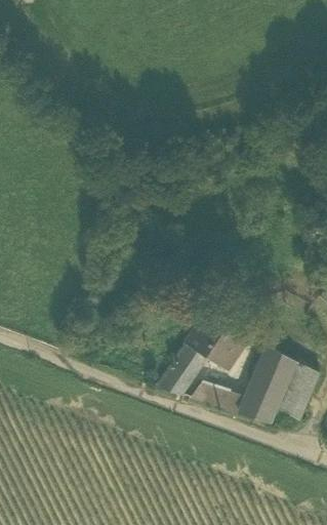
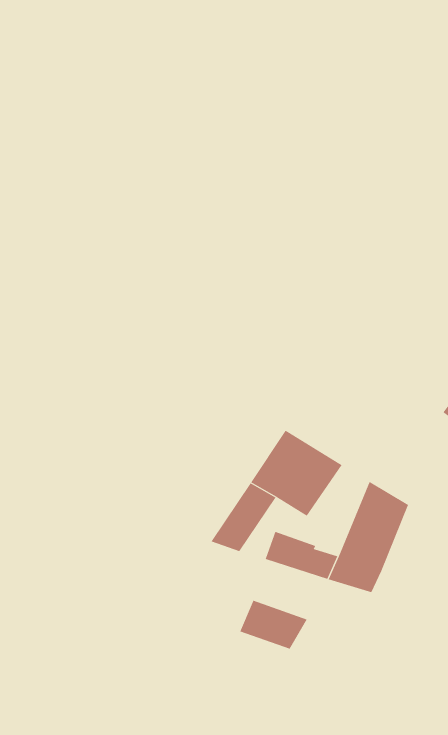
building: [278,362,317,417] -> none
building: none -> [240,600,307,650]

